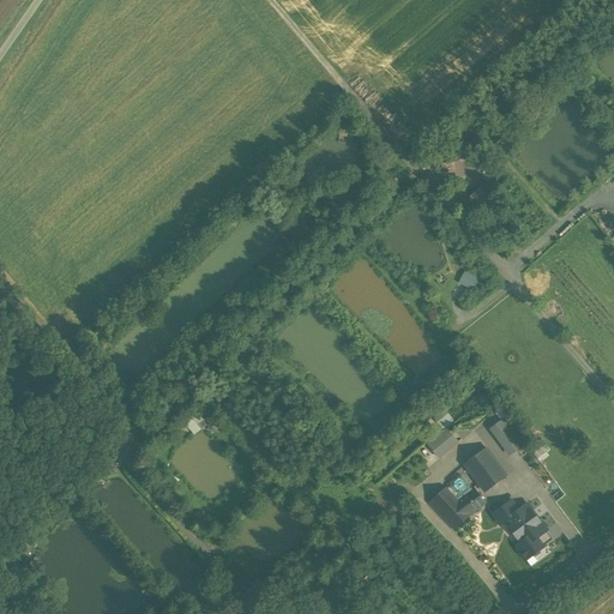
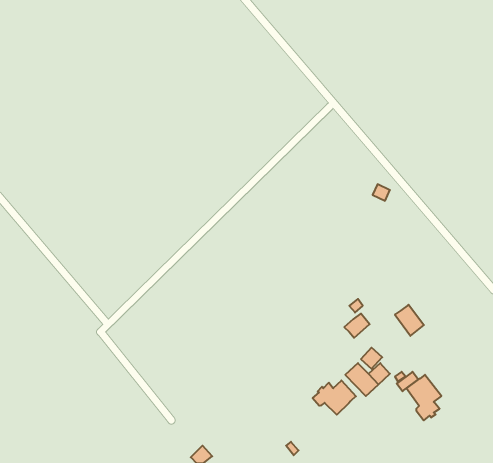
building: [464,447,506,490] -> none
building: none -> [313,380,356,415]

